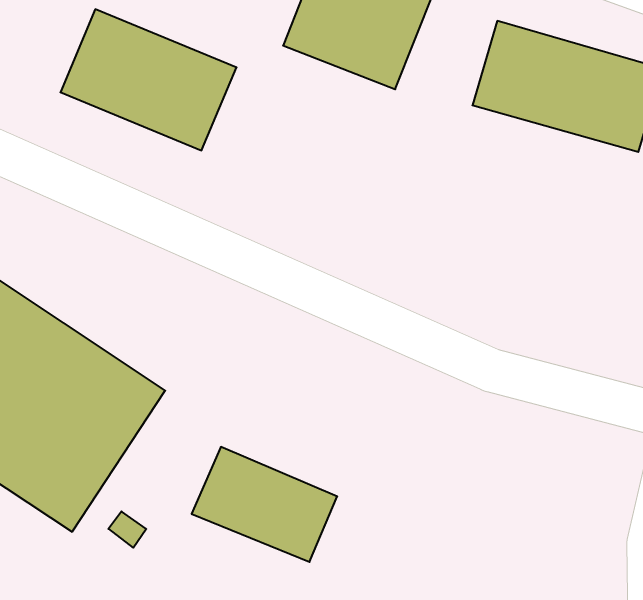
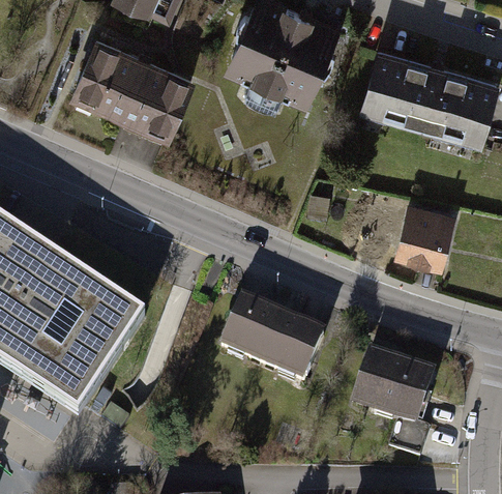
building: none -> [395,211,456,269]
building: [192,447,337,562] -> [220,298,324,380]
building: none -> [352,356,437,425]

